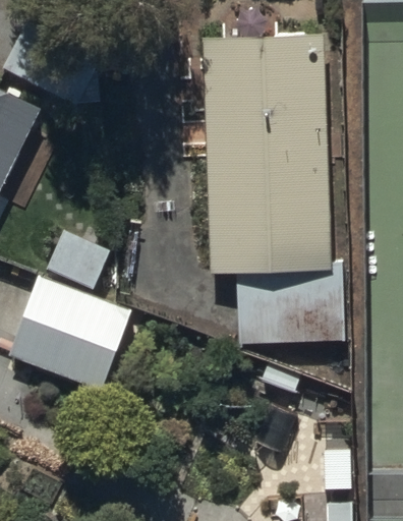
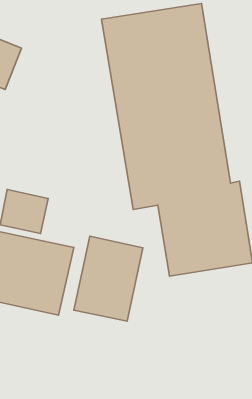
building: none -> [74,236,143,321]

